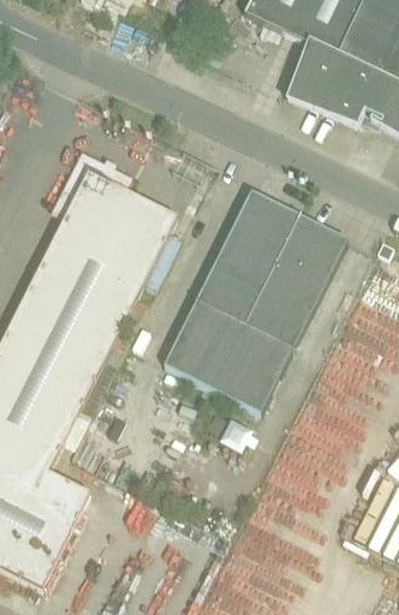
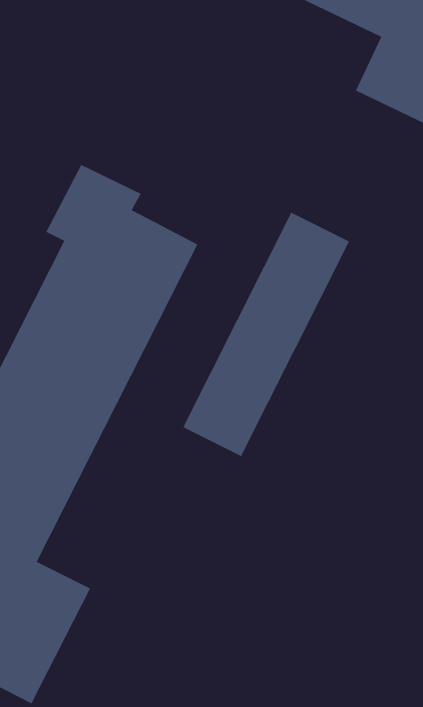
building: [212,214,347,412] -> none

